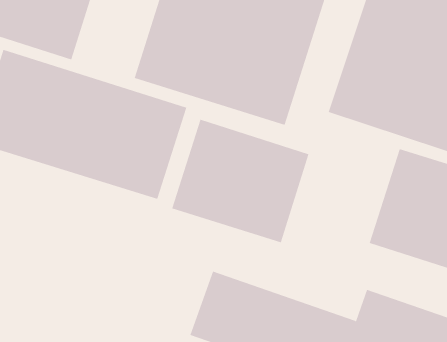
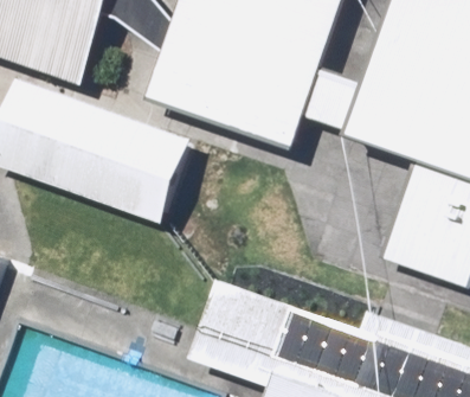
building: [172,119,309,243] -> none

